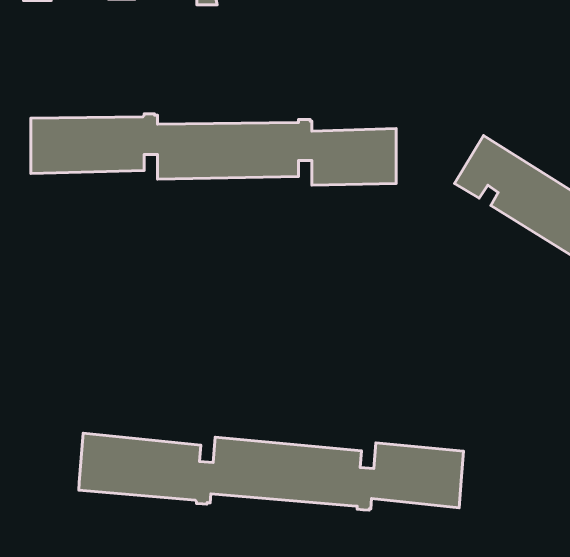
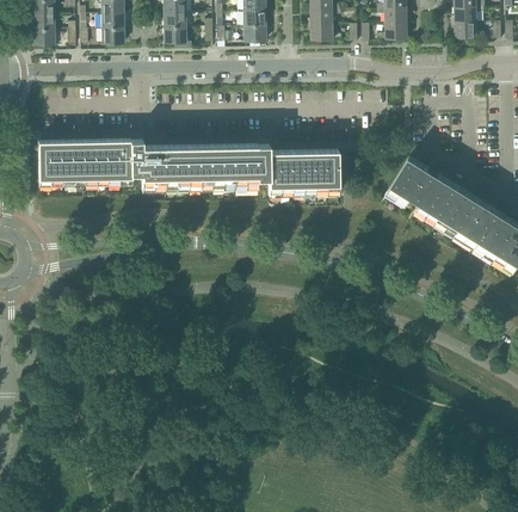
building: [79,433,463,510] -> none

